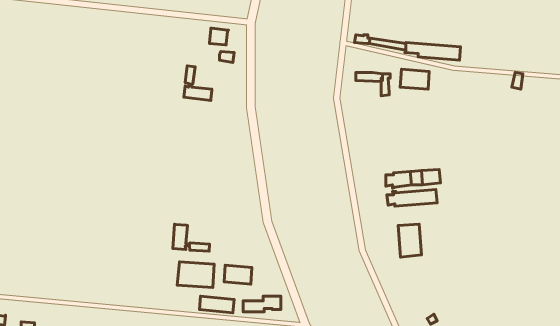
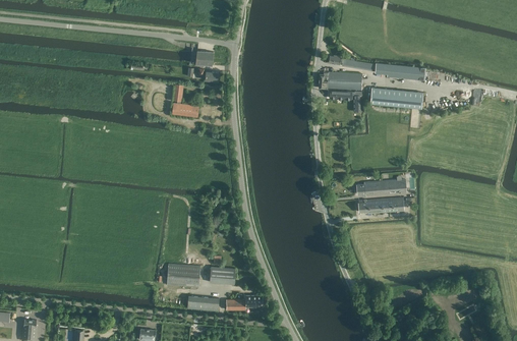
building: none -> [319,72,361,90]
building: none -> [395,90,422,109]
building: [398,224,422,257] -> none
building: [173,224,210,251] -> none

